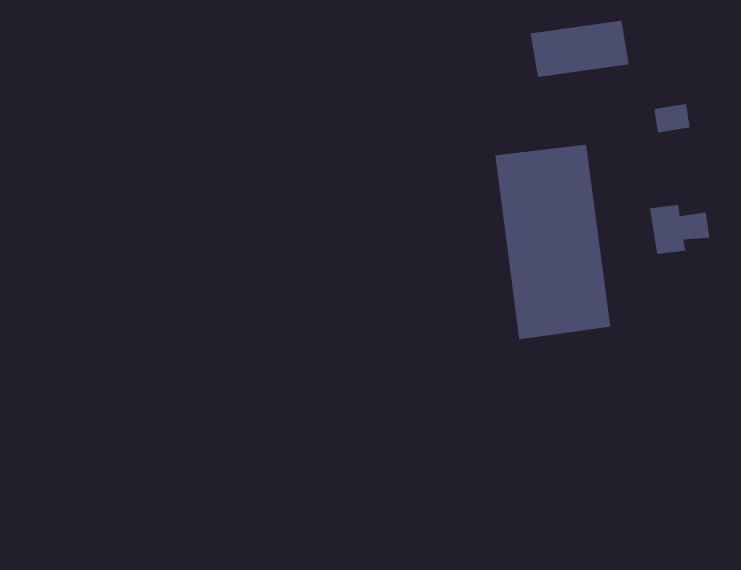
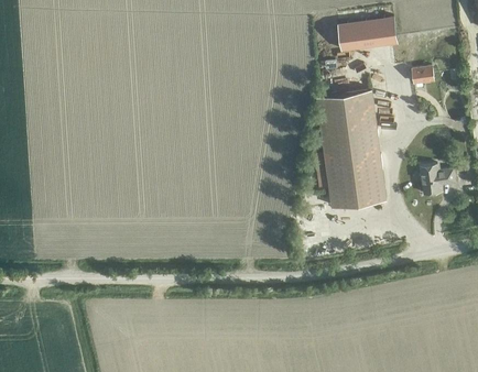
building: [649,205,710,254] -> [420,165,456,195]

